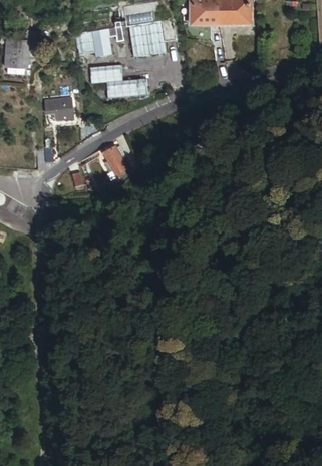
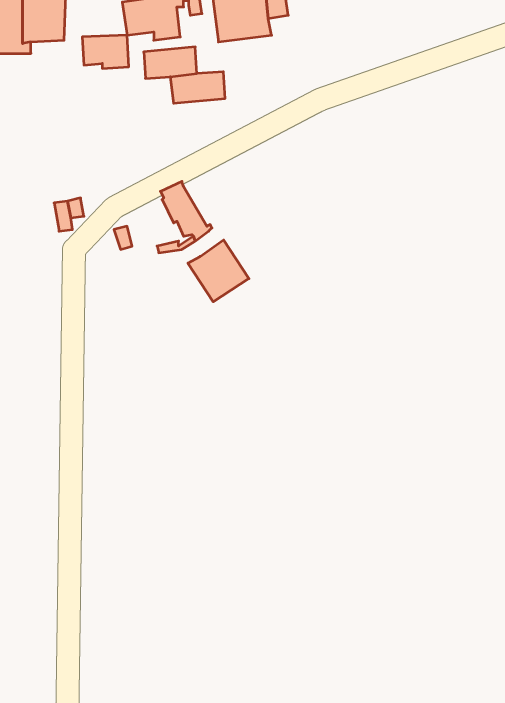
building: [44,100,72,120] -> [82,35,129,68]
building: none -> [188,240,249,302]

